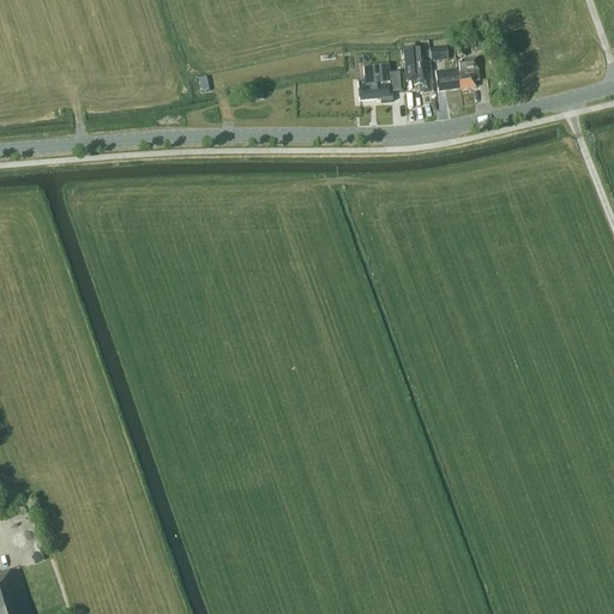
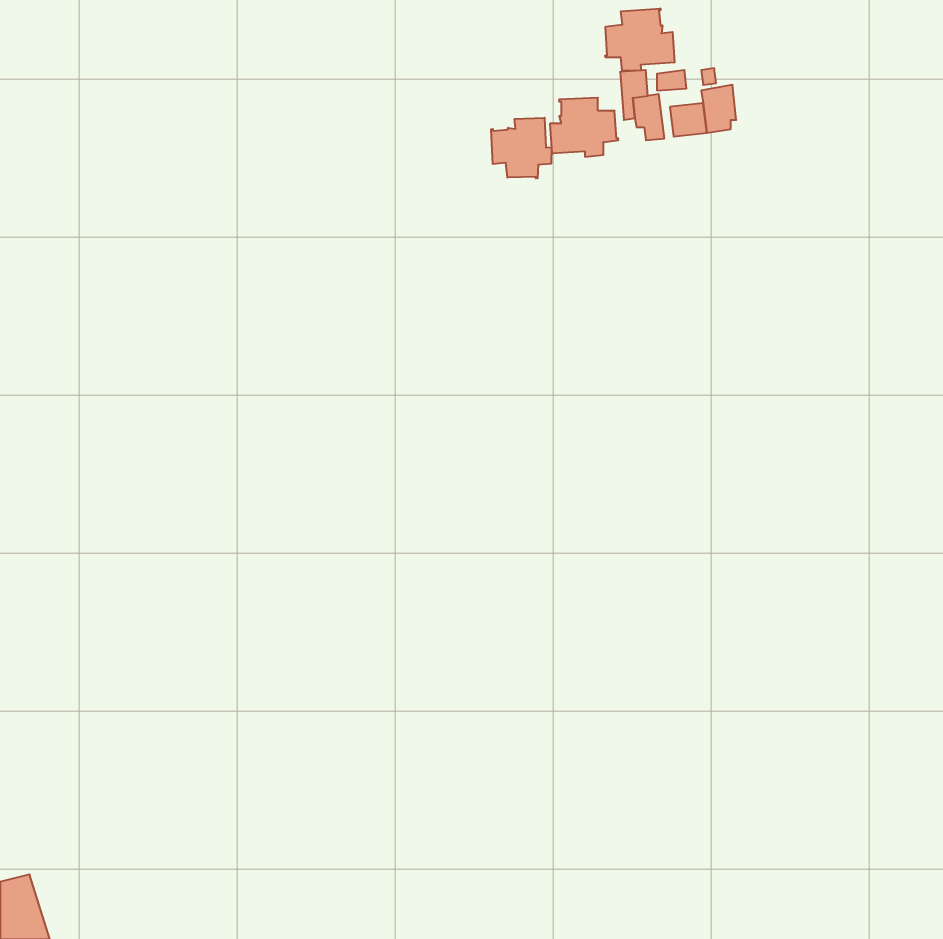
building: none -> [605,8,674,71]
building: none -> [491,118,551,178]

